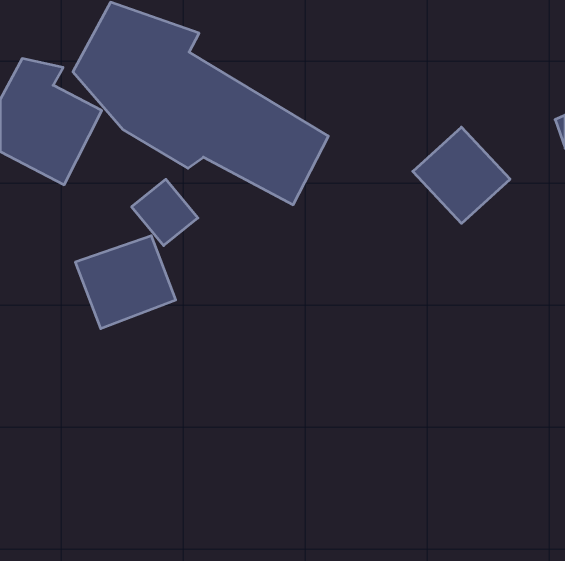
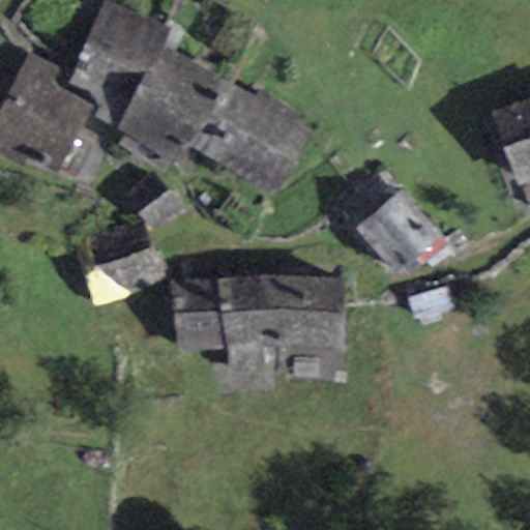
building: [413,127,510,223] -> [348,188,439,278]
building: none -> [176,278,344,352]

